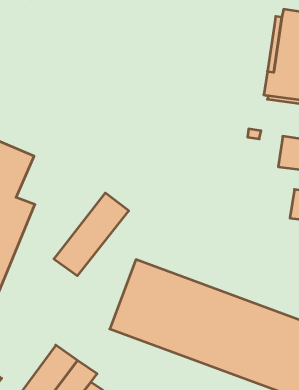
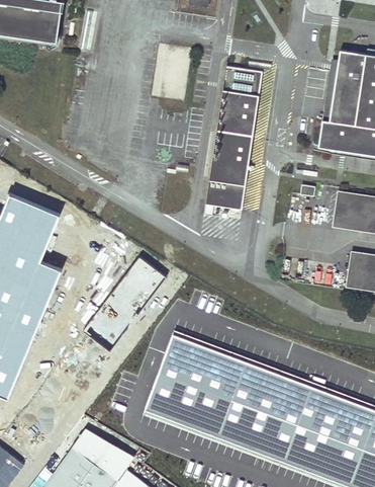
building: none -> [205,66,263,210]

